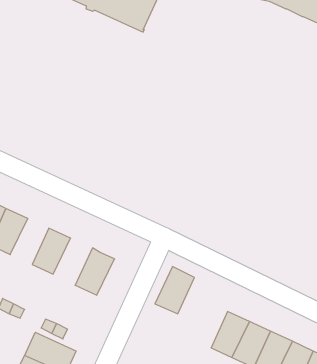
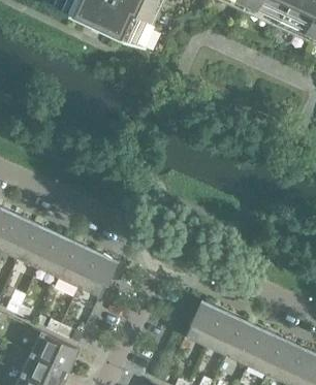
building: none -> [18,224,54,267]
building: none -> [58,243,95,287]
building: [155,267,194,314] -> [185,301,222,346]

